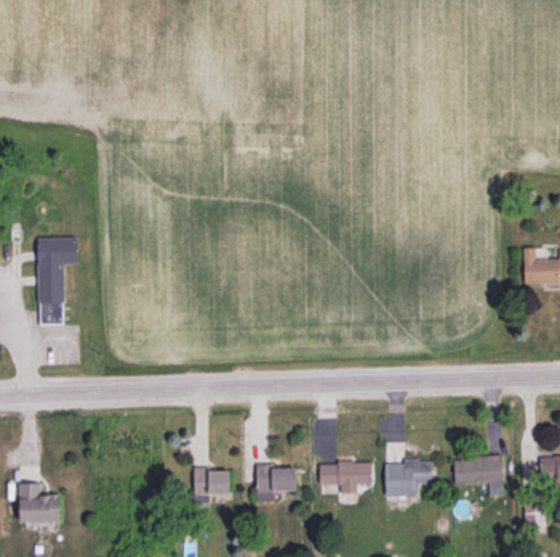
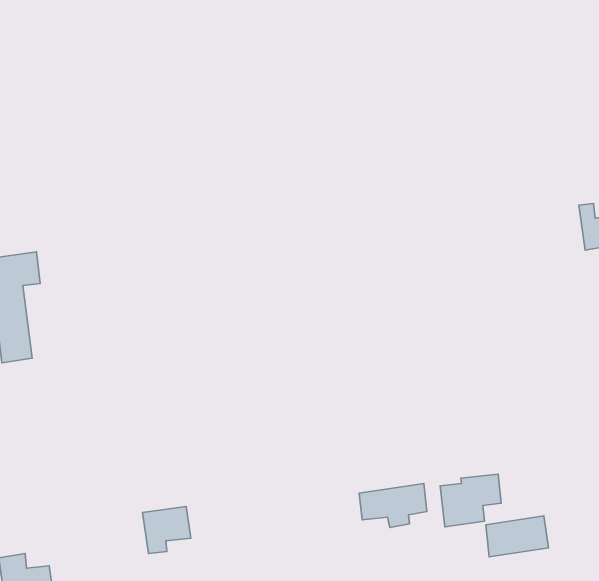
building: [454,455,503,484] -> [486,516,549,557]
building: [256,464,296,501] -> none
building: [192,468,230,503] -> [143,507,191,554]

